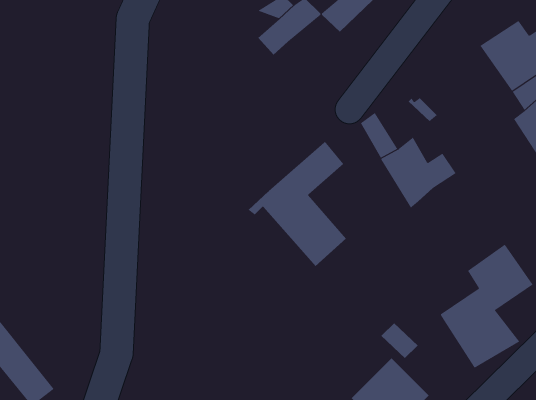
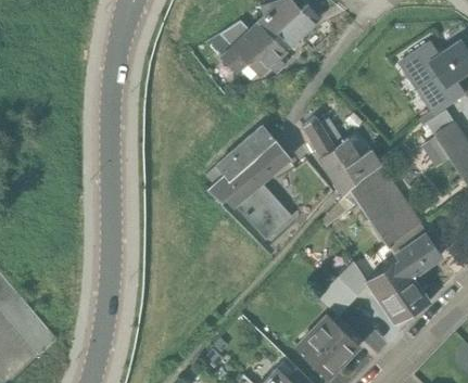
building: none -> [245,40,287,78]
building: none -> [213,129,274,181]
building: none -> [350,167,419,246]
building: none -> [330,263,369,305]

